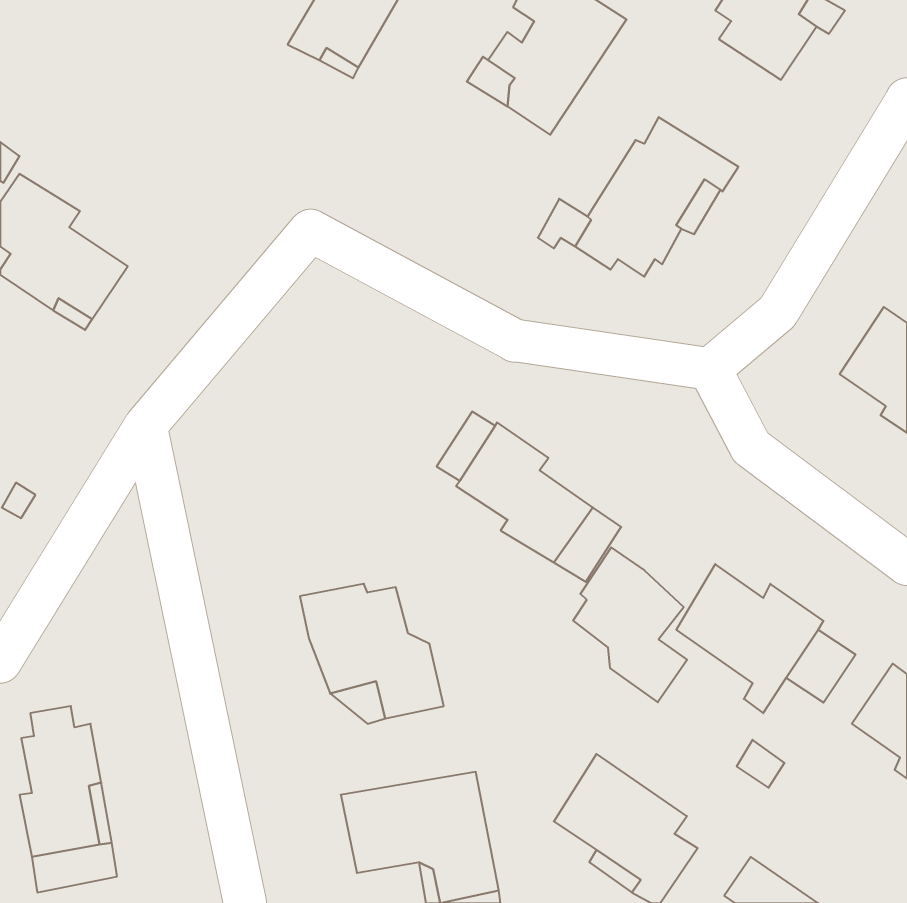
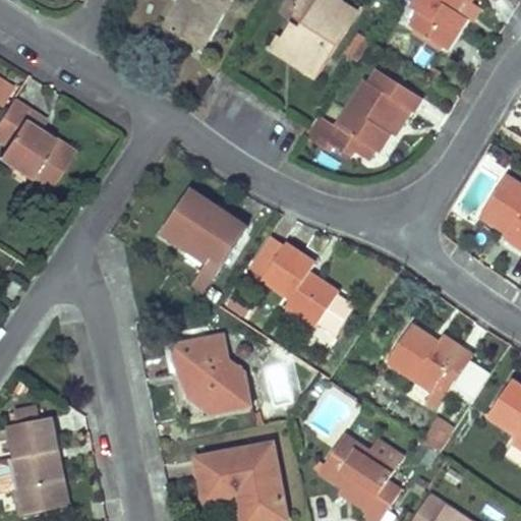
building: none -> [162,193,246,263]
building: [573,547,687,702] -> none

